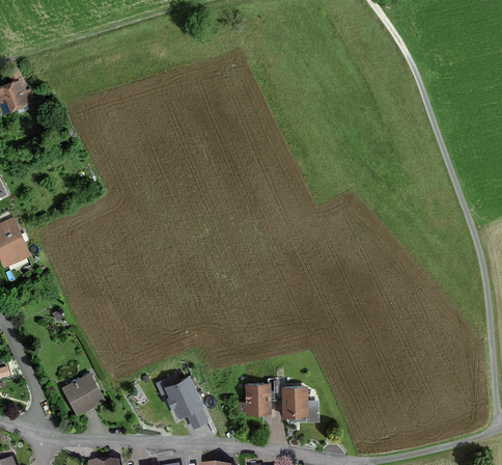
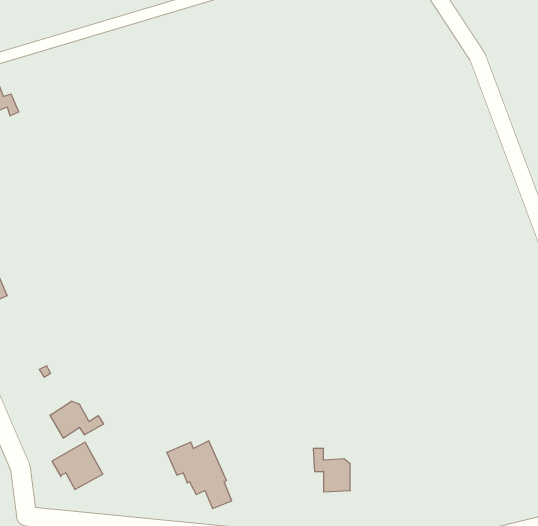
building: none -> [50,401,104,438]
building: [247,378,276,410] -> none

